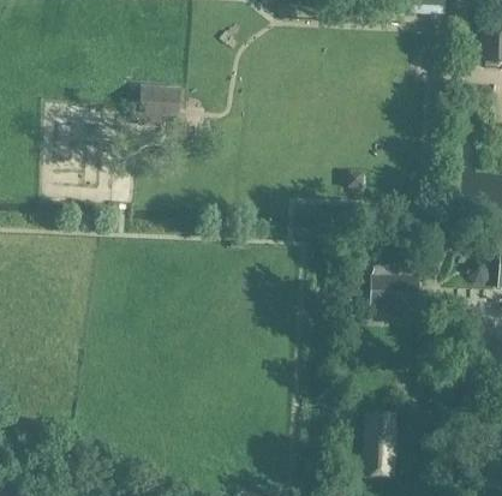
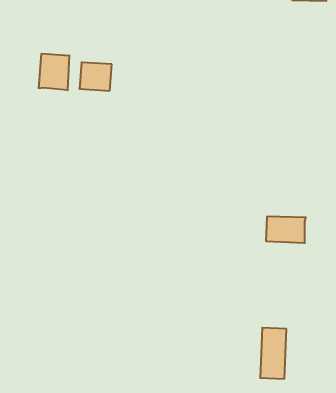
building: none -> [39,54,69,90]

